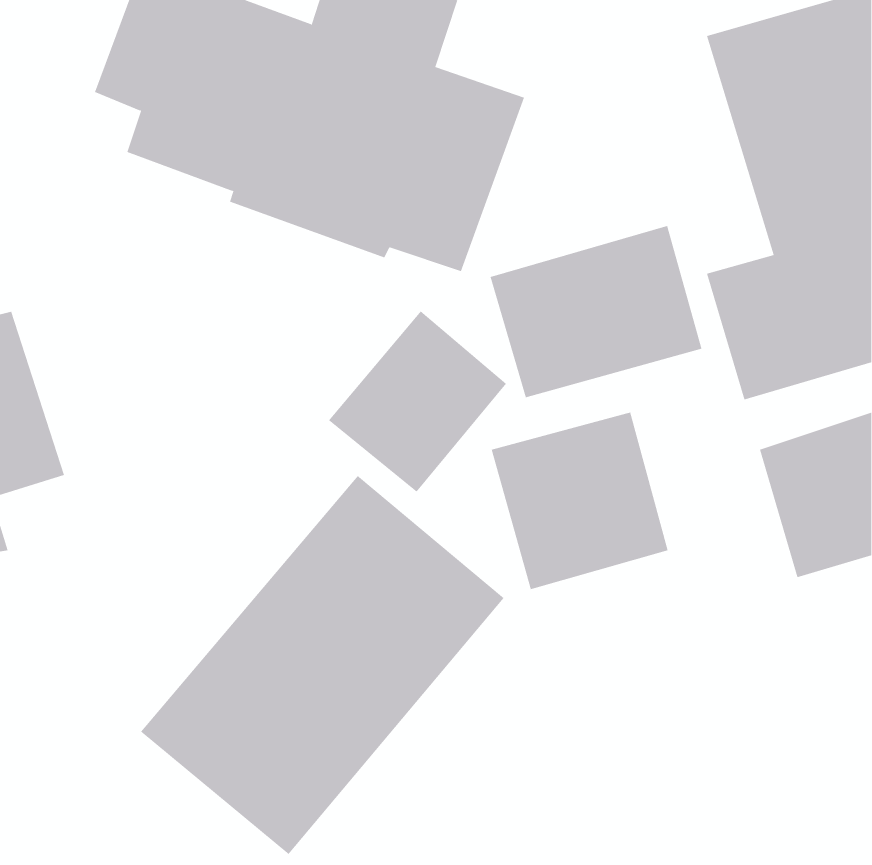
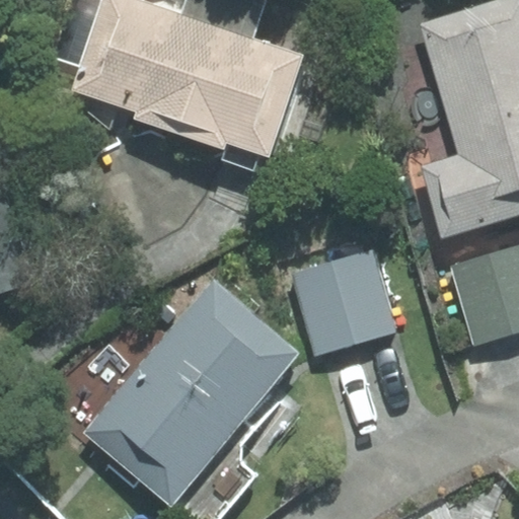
building: [490,225,702,398] -> none
building: [328,310,507,492] -> none

